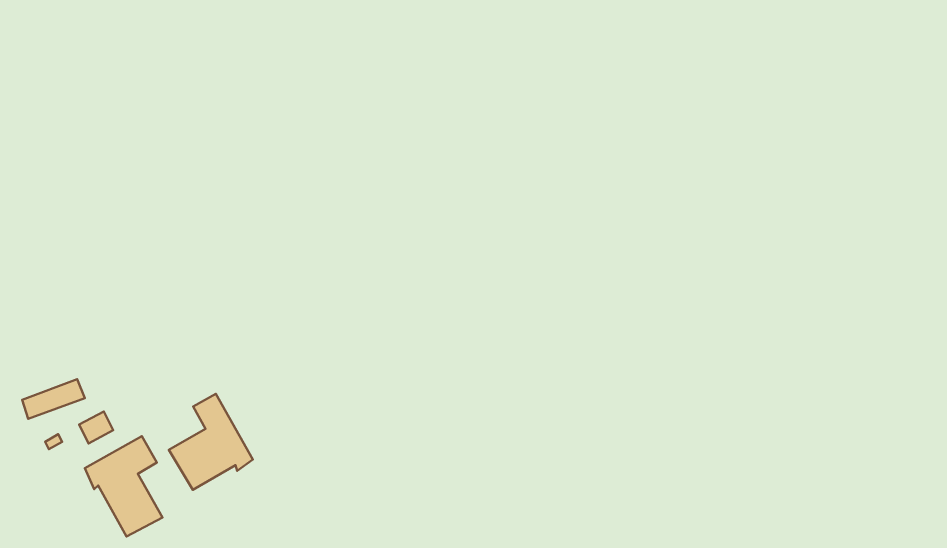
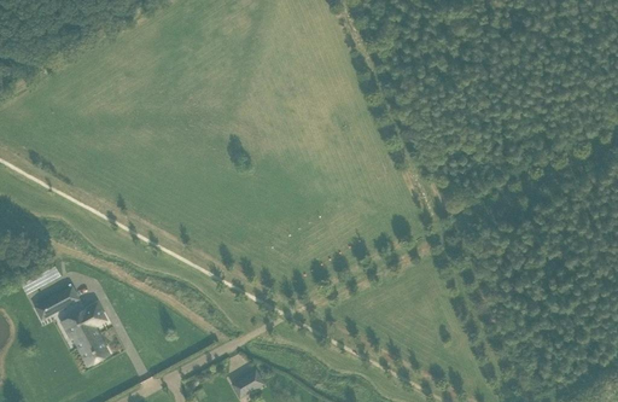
building: [169,394,253,490] -> none

